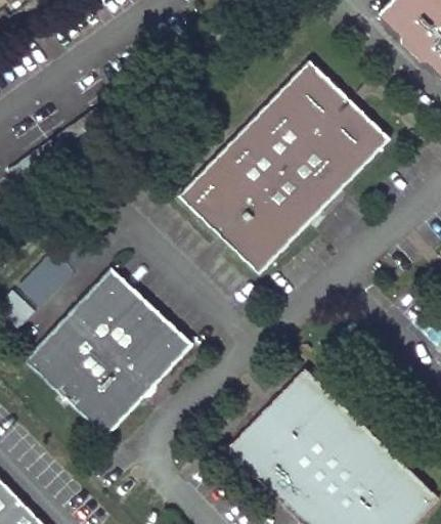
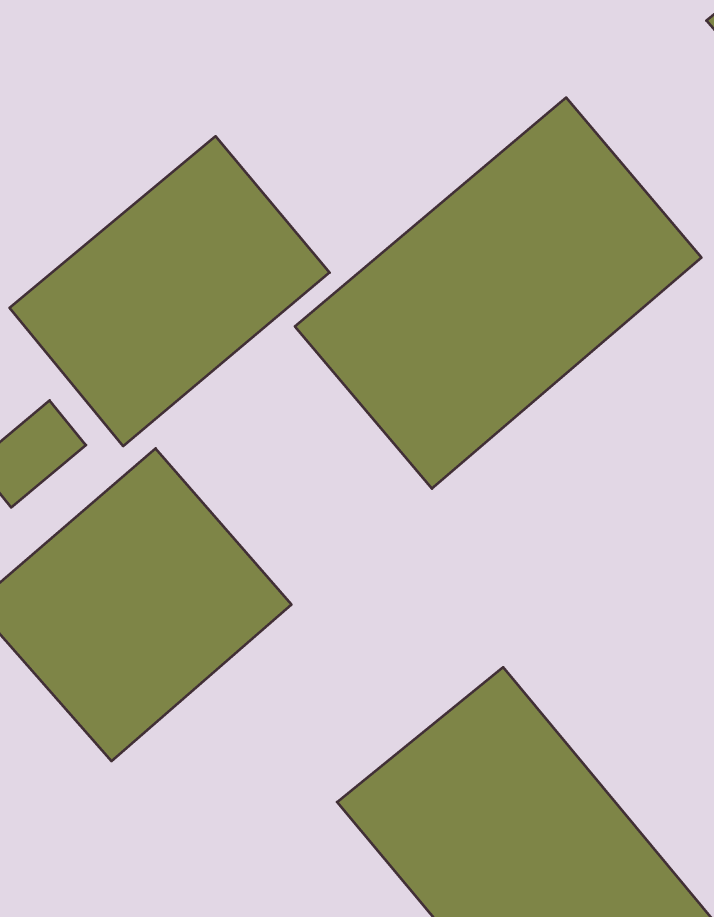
building: none -> [10,136,330,446]

